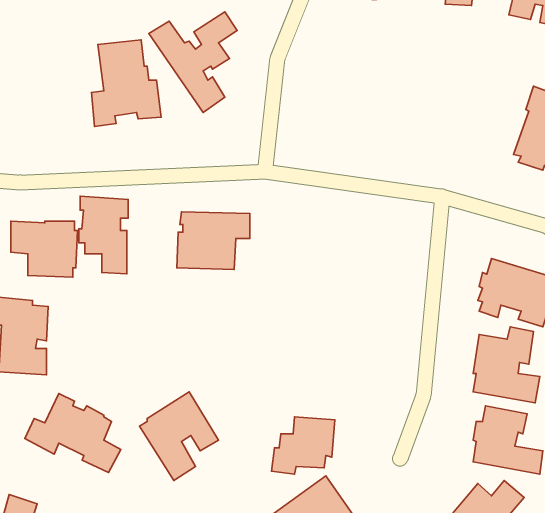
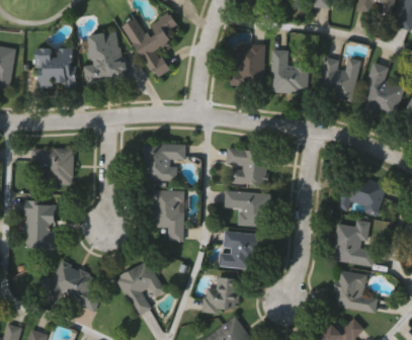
building: none -> [230,40,266,85]
building: none -> [35,47,76,87]
building: none -> [270,47,309,92]
building: none -> [316,54,362,102]
building: [79,196,128,274] -> [152,190,184,241]
building: none -> [225,147,274,187]
building: none -> [225,191,274,228]
building: none -> [218,231,267,268]

